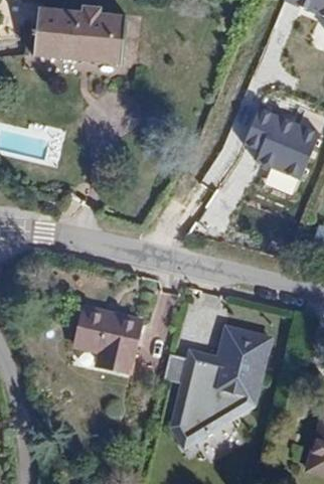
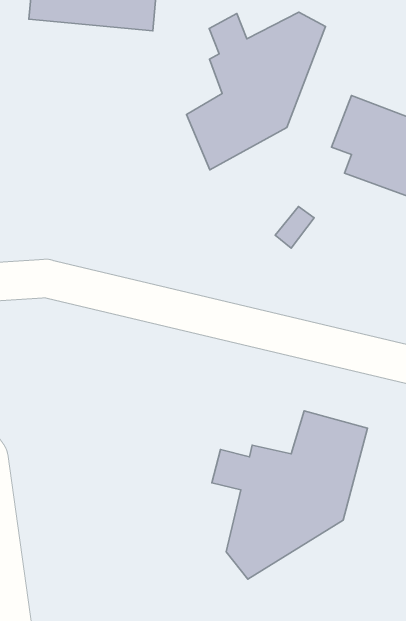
building: none -> [186,12,325,170]
building: [72,305,142,372] -> none

